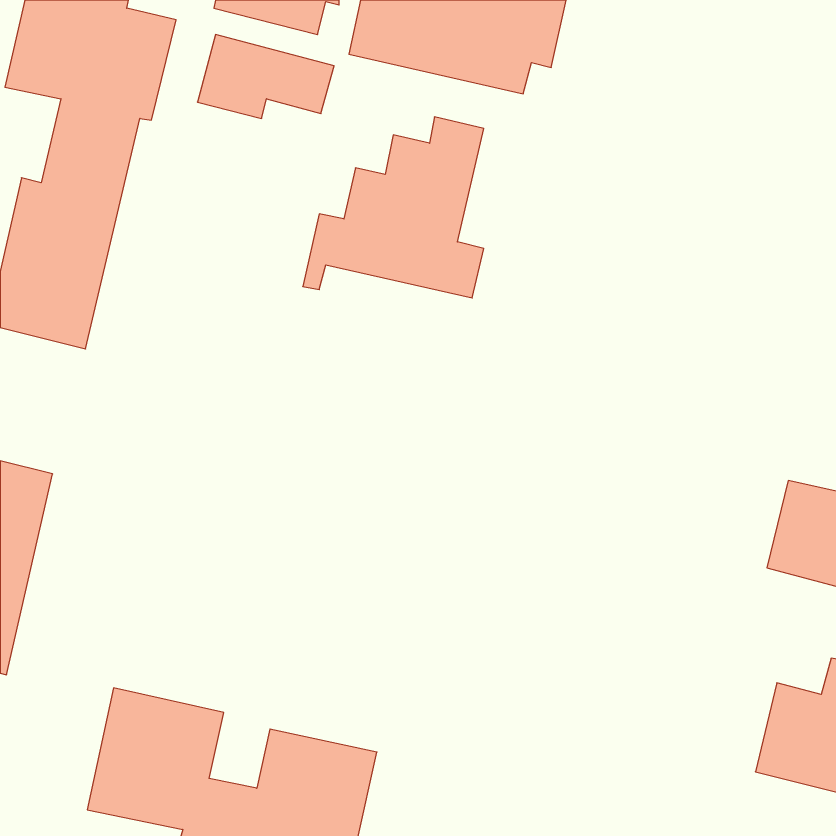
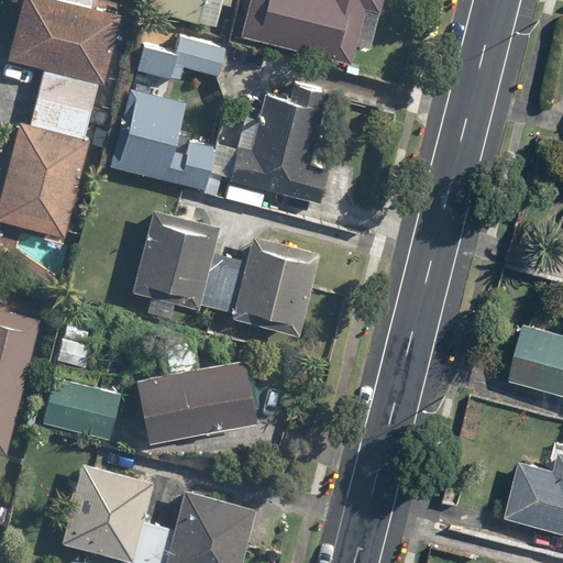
building: none -> [107,88,217,195]
building: none -> [130,210,320,336]
building: none -> [135,357,256,445]
building: none -> [43,377,122,439]

